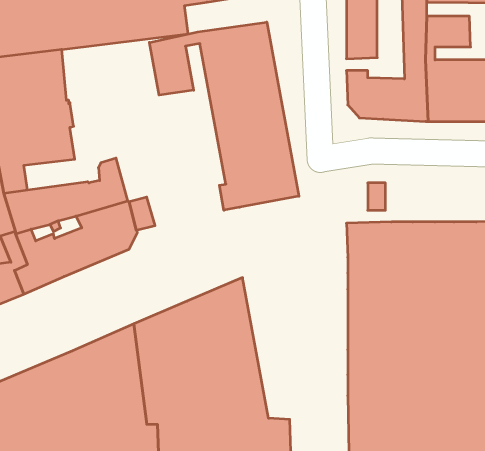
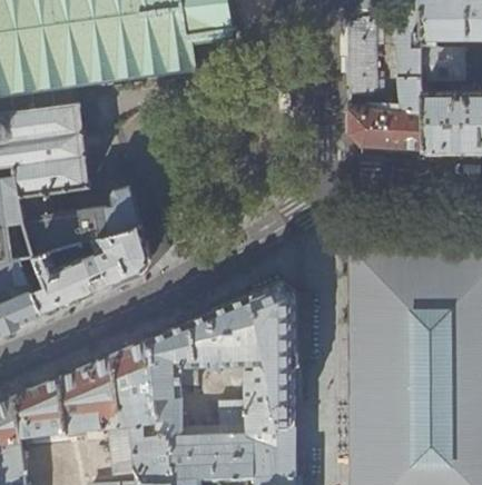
building: [149,22,299,210] -> none
building: none -> [249,285,294,432]

